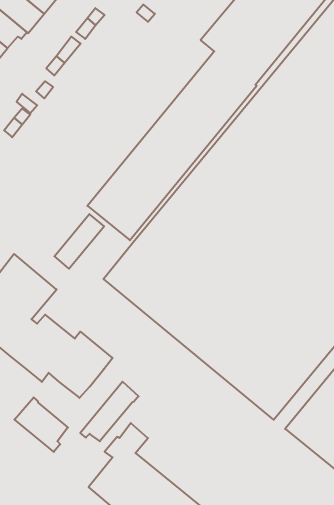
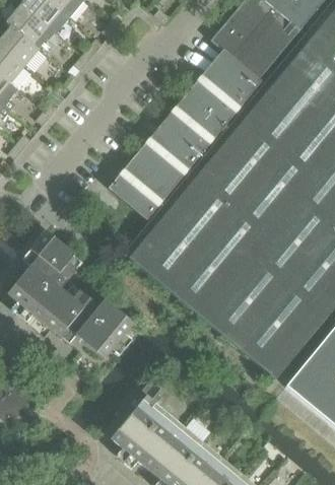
building: [54,214,104,269] -> none
building: [80,382,139,441] -> none
building: [14,397,68,452] -> none

